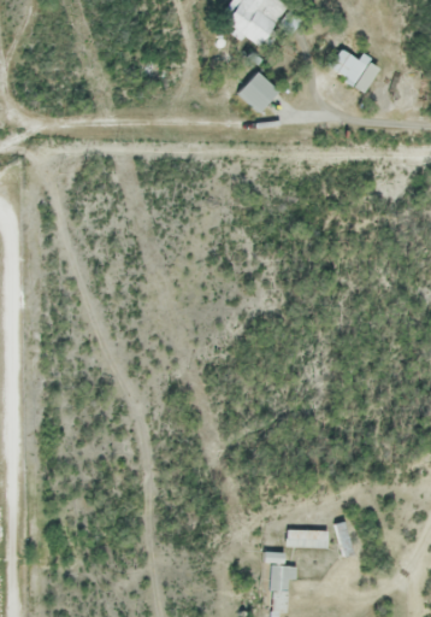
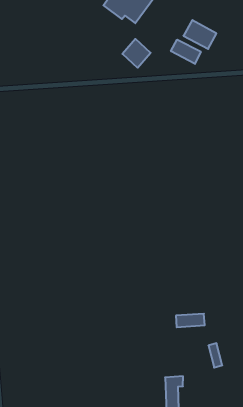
building: none -> [171,40,201,64]
building: [288,530,329,547] -> [176,314,205,327]

